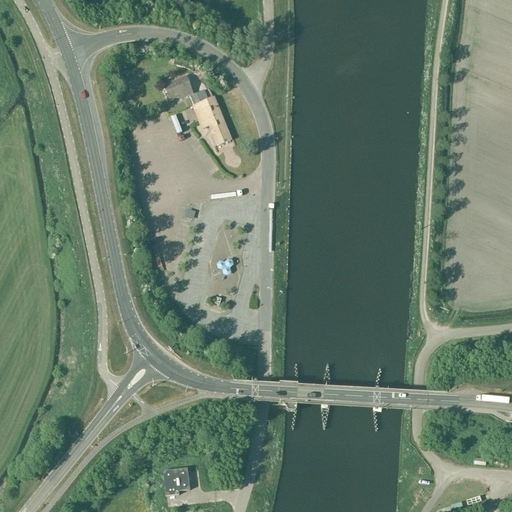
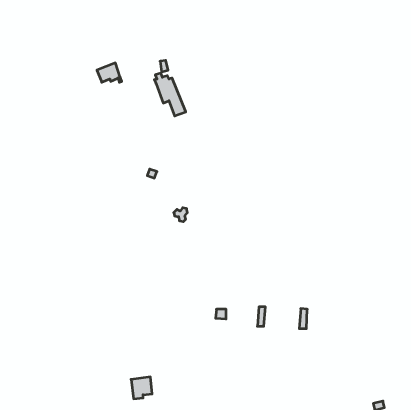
building: [164,75,195,99] -> [97,63,122,82]

